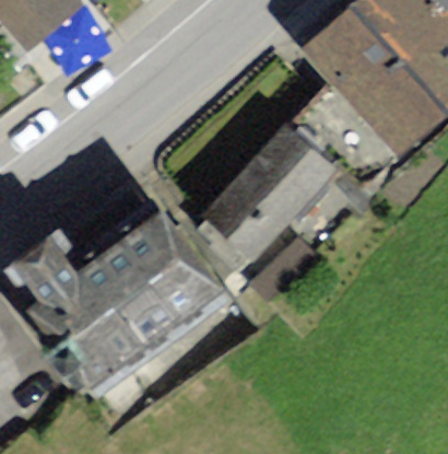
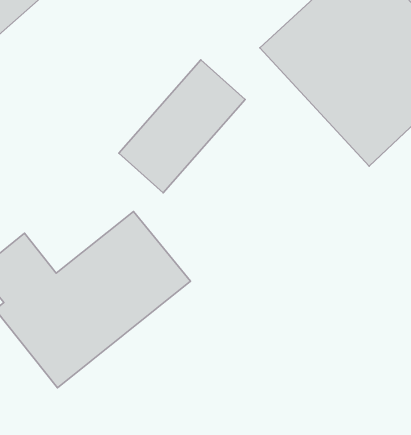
building: [210,132,331,260] -> [119,60,245,193]

